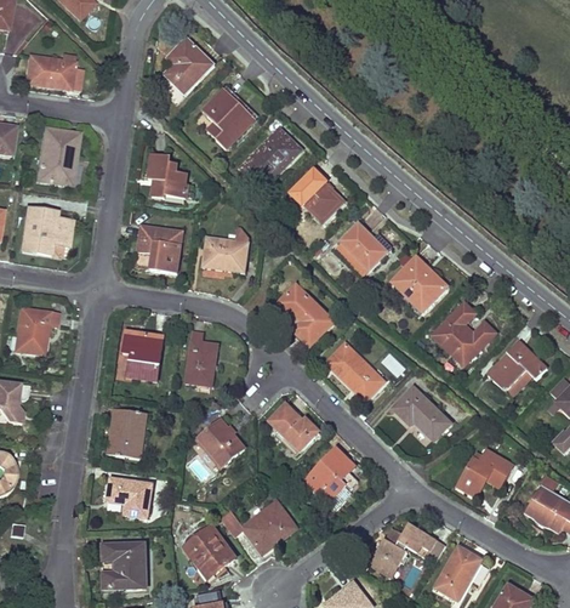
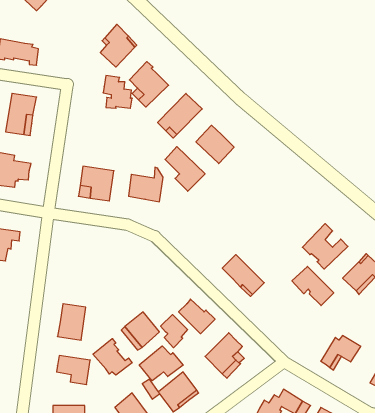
building: [149,153,188,197] -> [103,76,132,108]
building: [341,222,391,268] -> none
building: [393,255,445,313] -> none
building: [279,284,332,343] -> [165,147,205,191]
building: [122,330,163,379] -> none
building: [186,330,217,382] -> none
building: [393,386,449,438] -> [292,266,334,306]
building: none -> [161,315,188,348]
building: none -> [93,339,132,375]
building: none -> [139,346,183,381]

